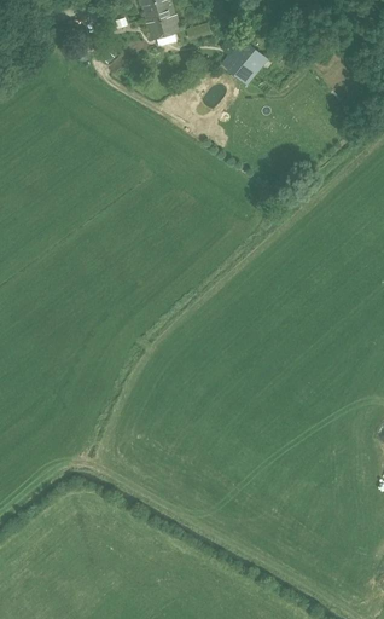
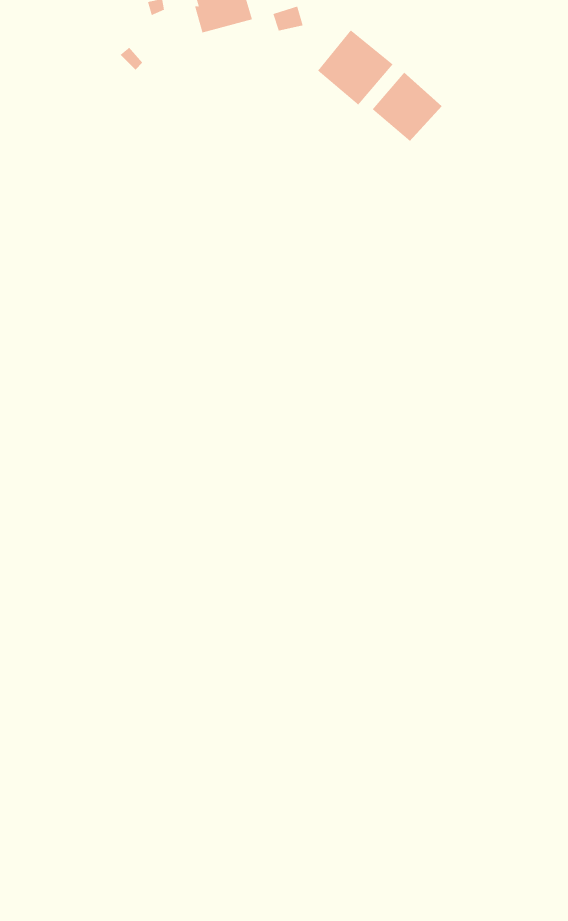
building: none -> [372,72,443,142]

